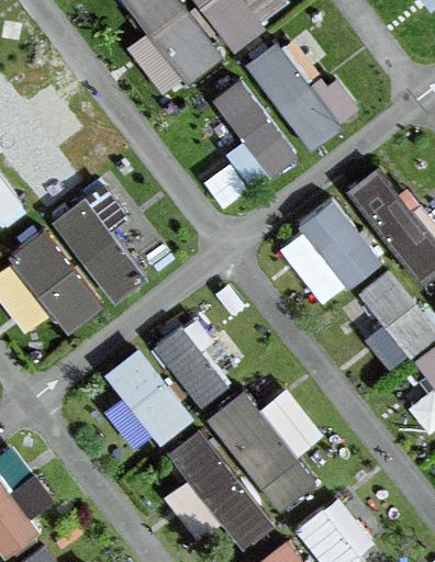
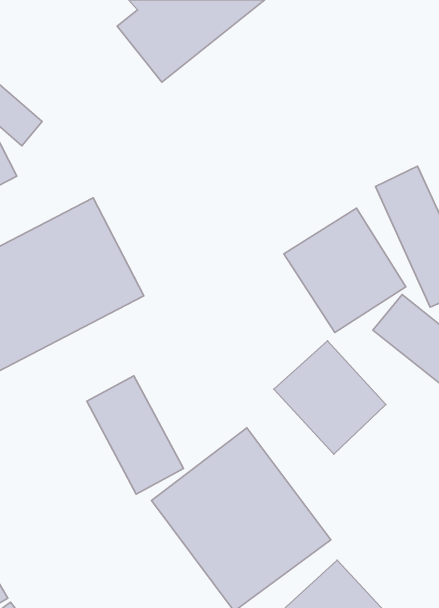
building: [207,48,335,175] -> none
building: [148,308,245,406] -> [274,341,386,454]

